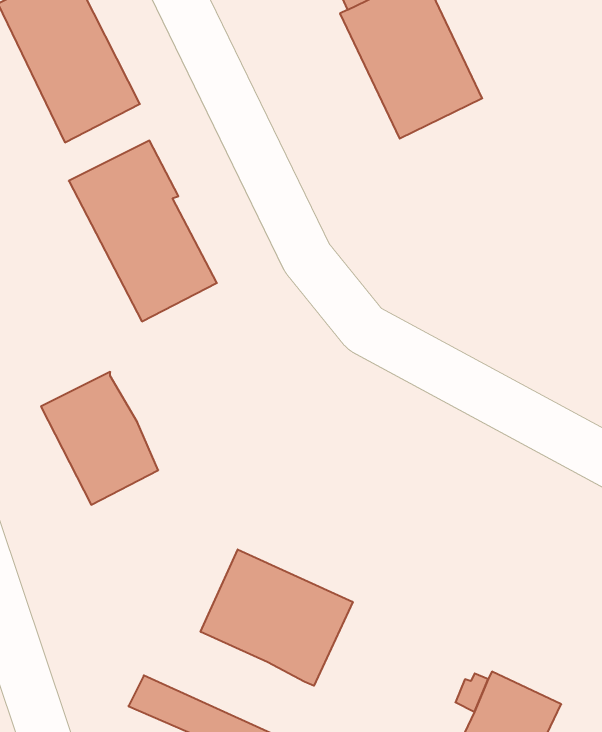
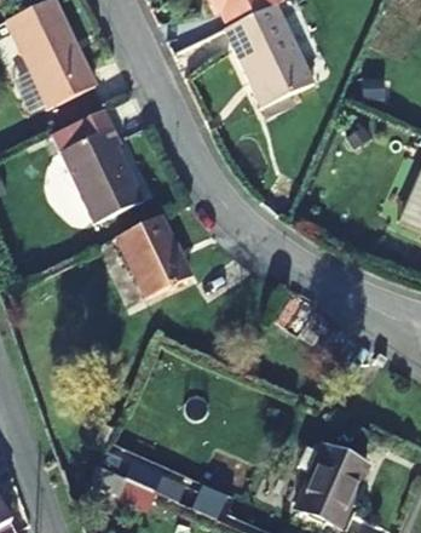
building: [41,372,158,505] -> [116,217,190,300]
building: [201,549,353,686] -> none

